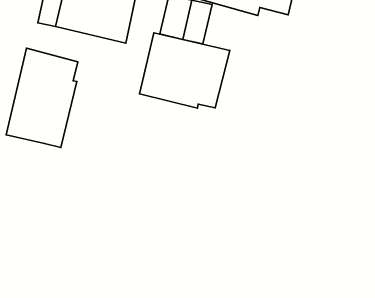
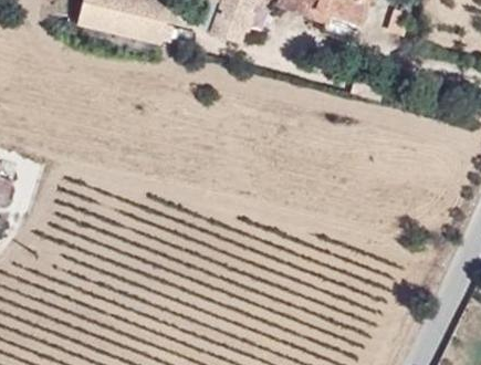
building: [140,33,230,108] -> none
building: [6,48,78,148] -> none

